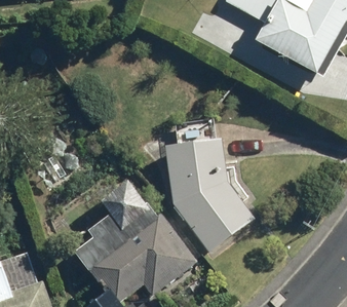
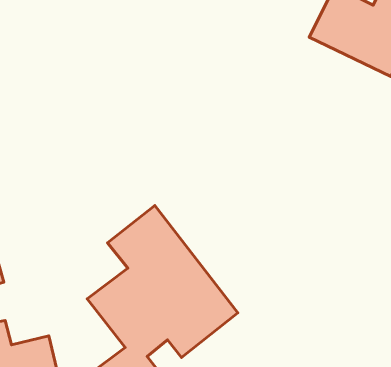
building: [165,144,257,256] -> none

